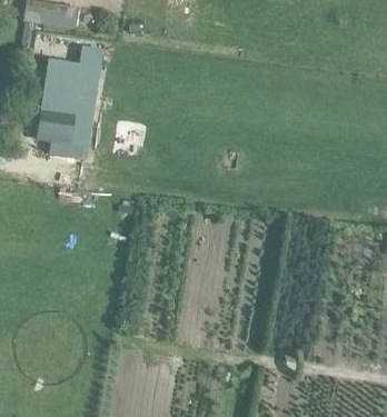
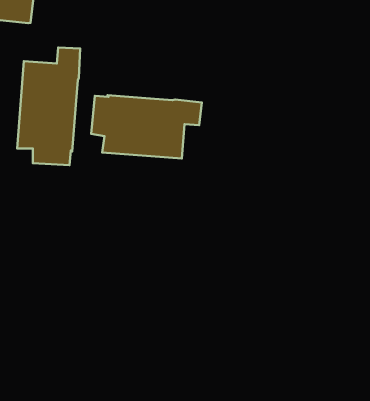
building: none -> [91,95,202,158]

